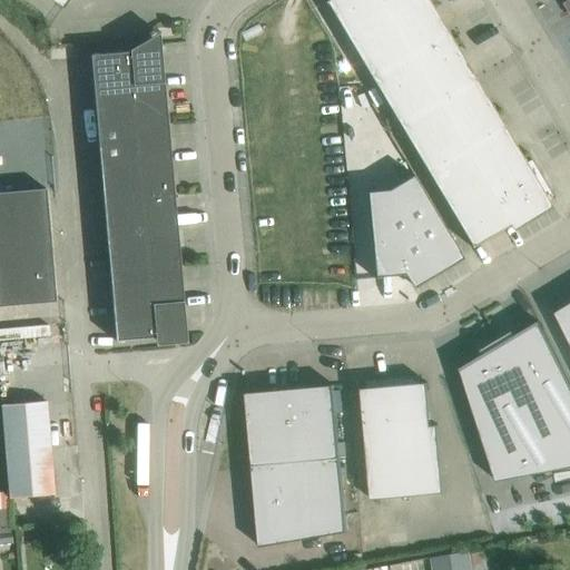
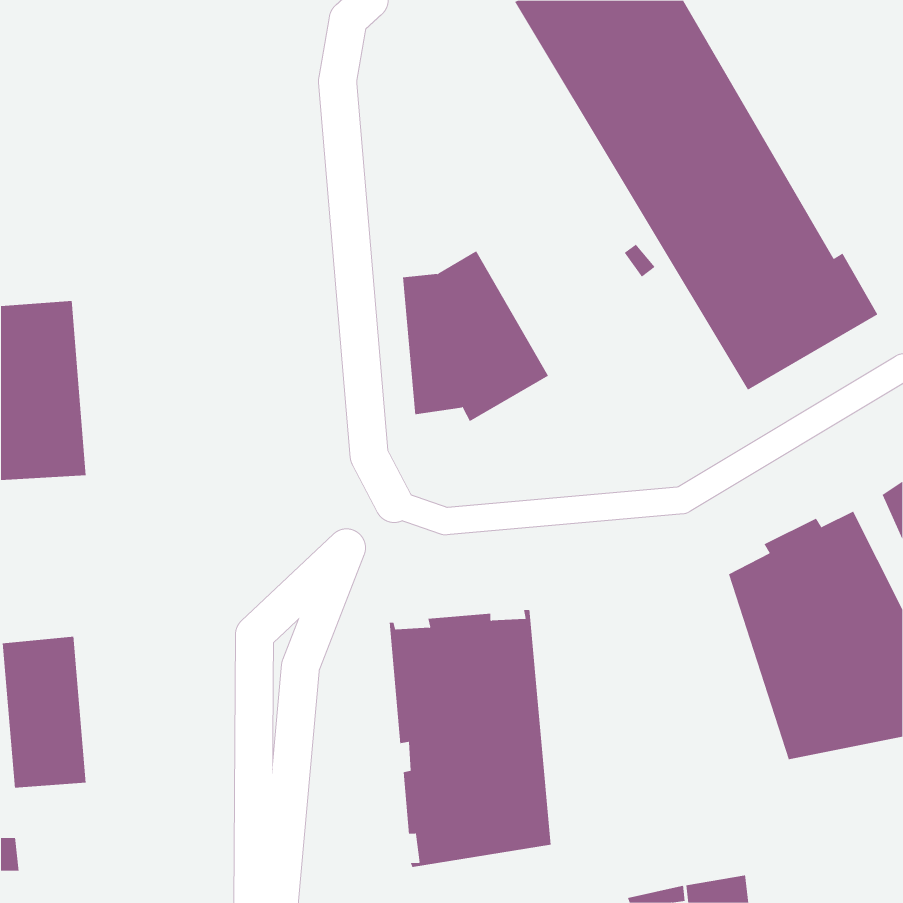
building: [89,32,186,345] -> none
building: [366,175,459,283] -> [402,251,549,422]
building: [360,376,444,499] -> none

